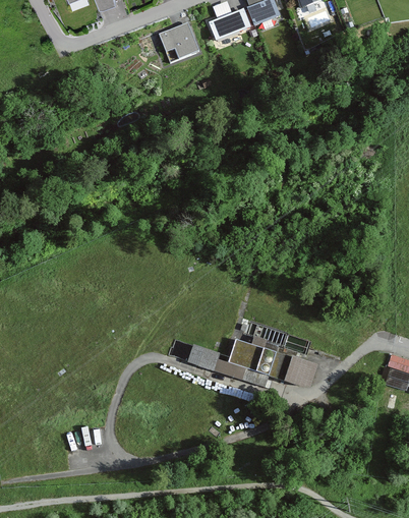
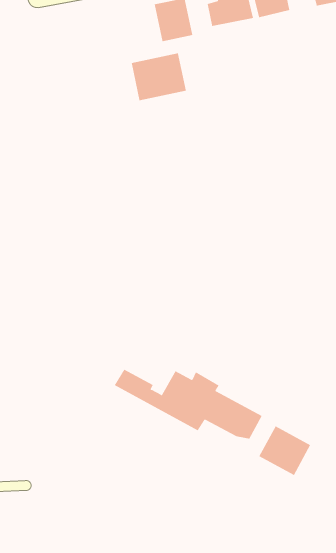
building: none -> [131,53,186,101]
building: none -> [259,426,311,476]

